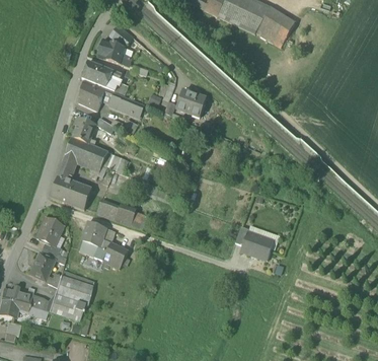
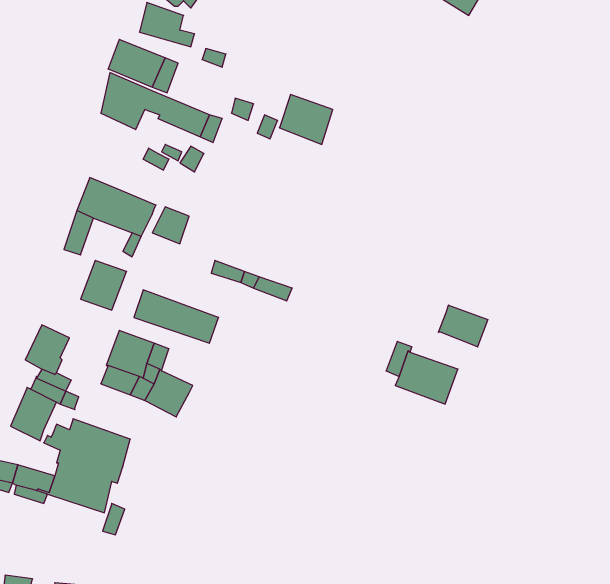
building: [72,117,96,143] -> none
building: [51,175,75,203] -> none
building: none -> [438,305,488,347]

